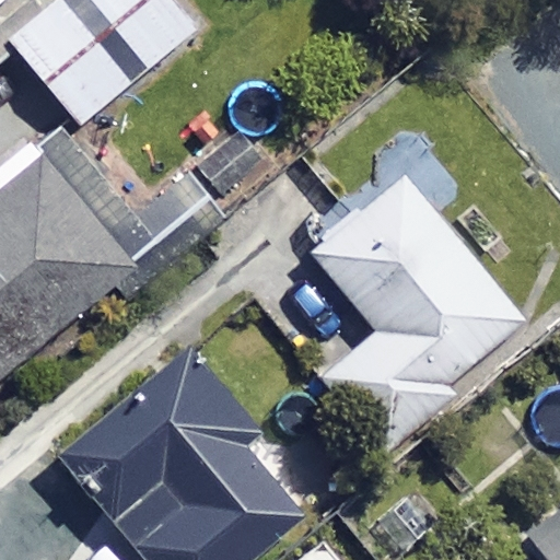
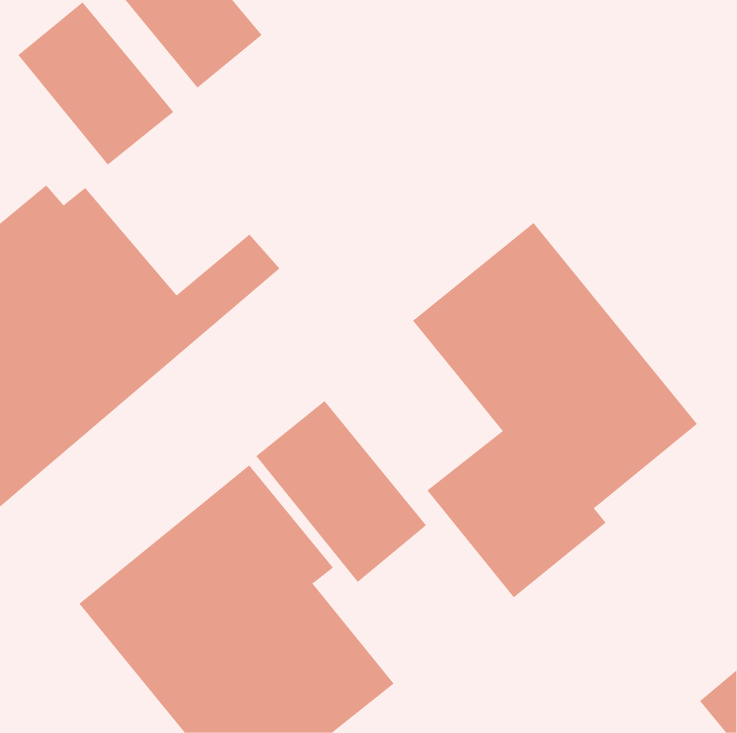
building: none -> [256,400,427,583]

